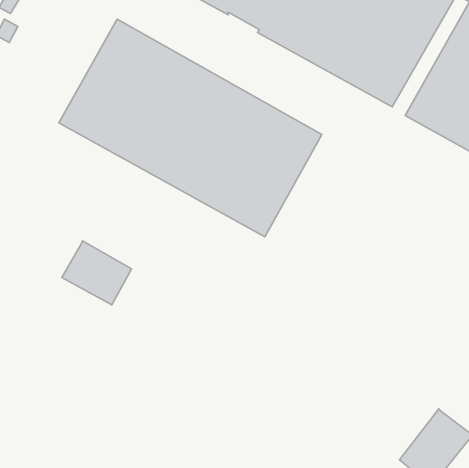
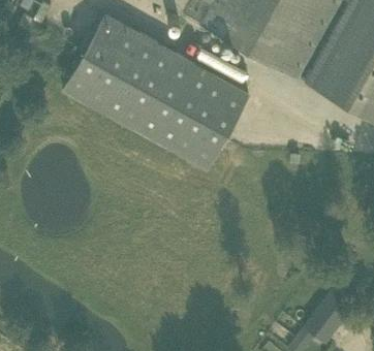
building: [62,241,131,305] -> none

